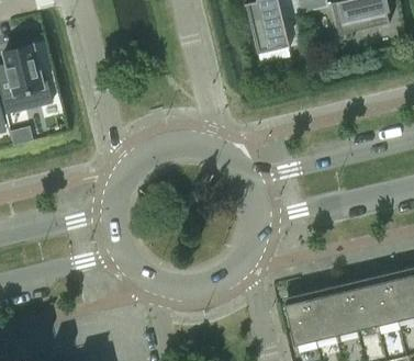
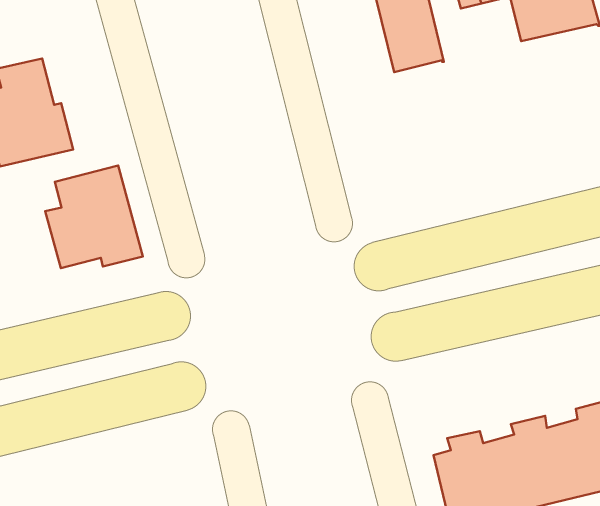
building: none -> [45,166,143,268]

